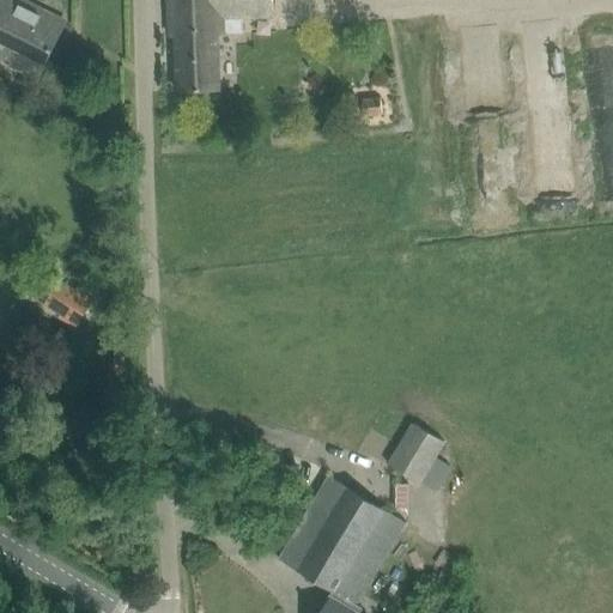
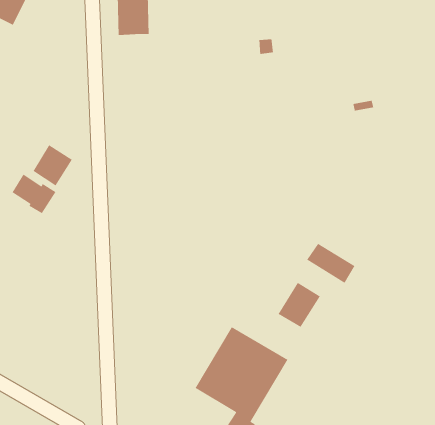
building: none -> [32,144,73,187]
building: none -> [306,243,356,284]

